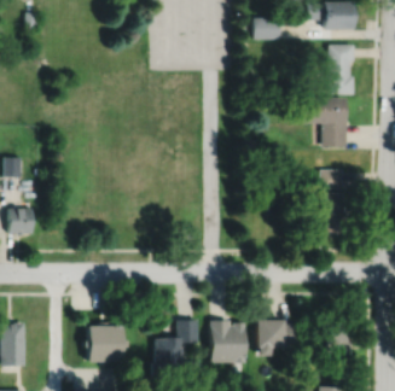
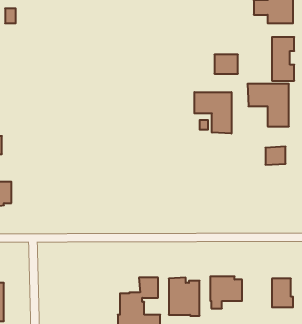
building: [254,18,280,40] -> [214,55,238,74]
building: none -> [194,92,231,134]
building: [321,194,349,235] -> none
building: [83,323,127,362] -> none

